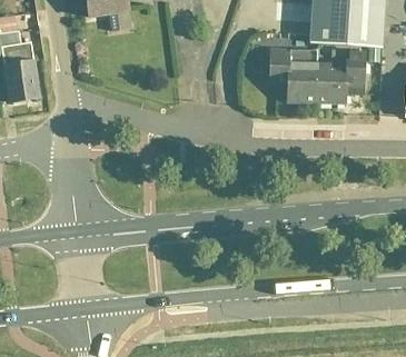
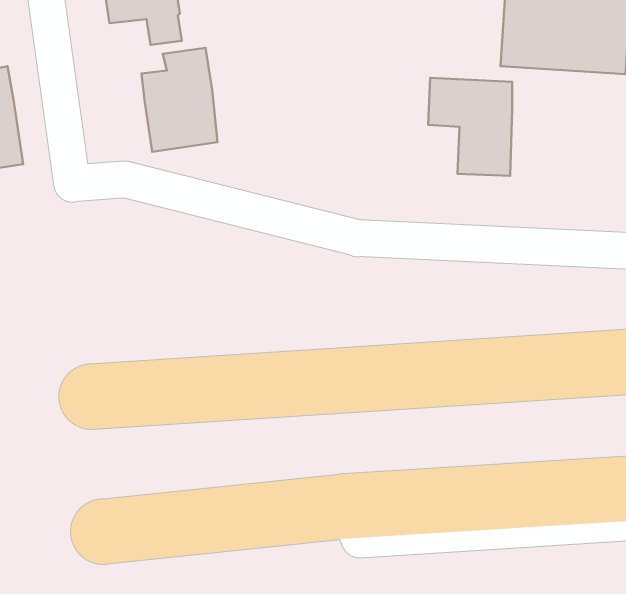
building: none -> [141,48,218,152]
building: [316,50,364,103] -> none

